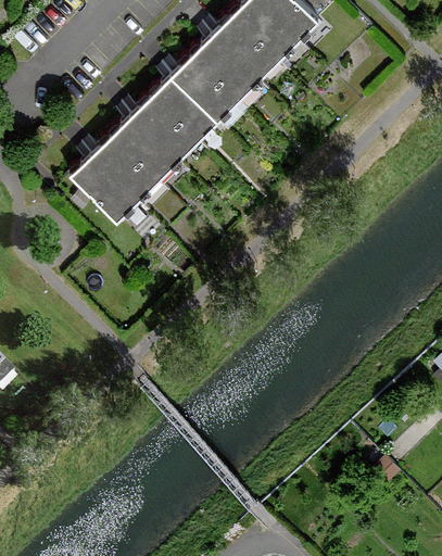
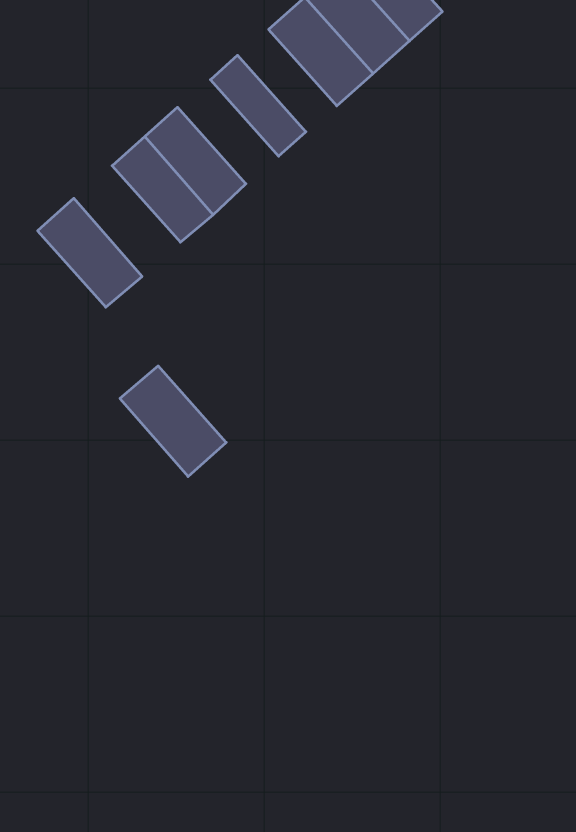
building: [191,34,255,97] -> none
building: [155,67,220,131] -> none
building: [93,125,162,193] -> [120,366,226,477]

